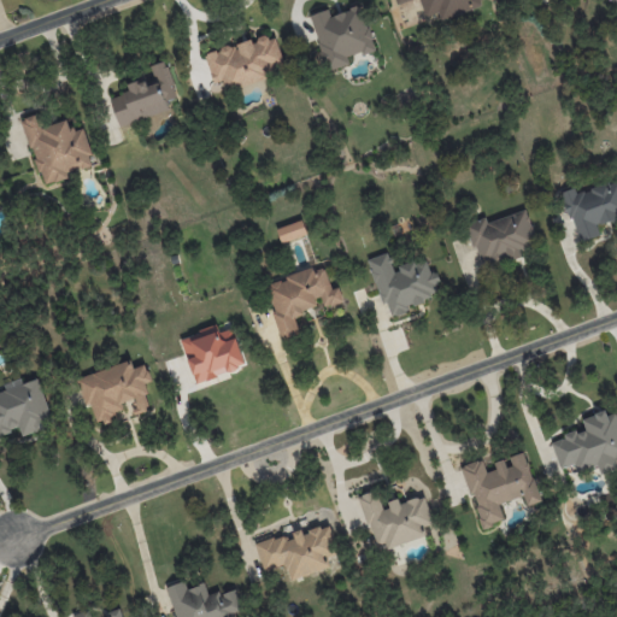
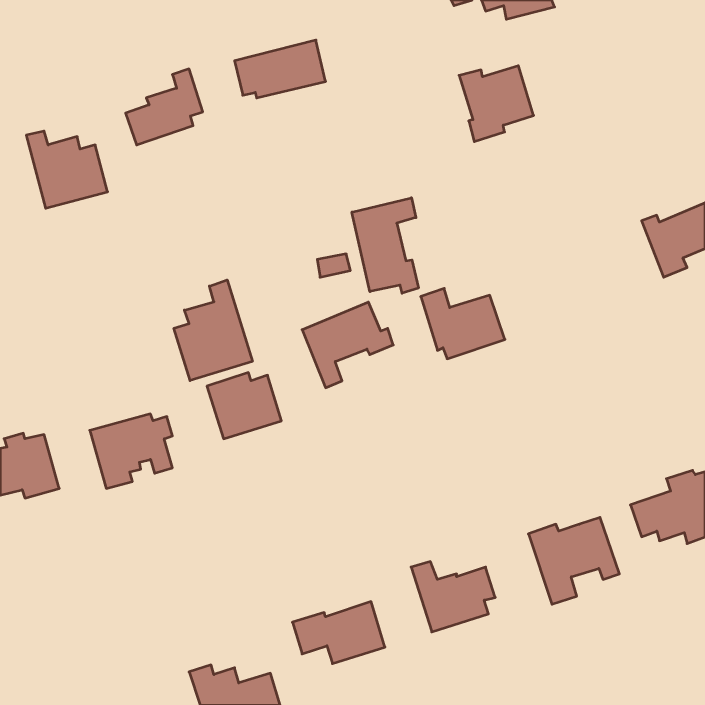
building: [310,6,375,72] -> [459,66,534,142]
building: none -> [352,198,418,293]
building: [468,210,537,269] -> none
building: none -> [174,280,252,381]

